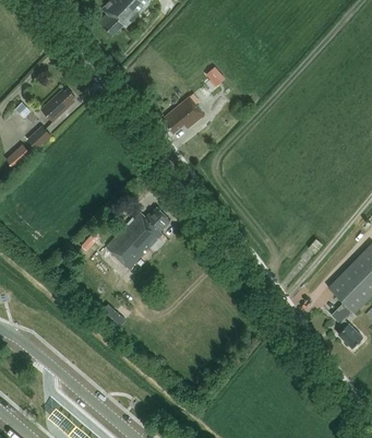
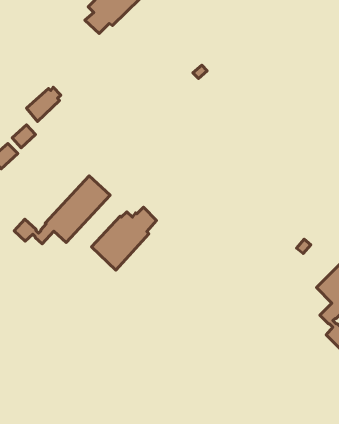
building: [164,94,204,133] -> none
building: none -> [14,176,110,244]

